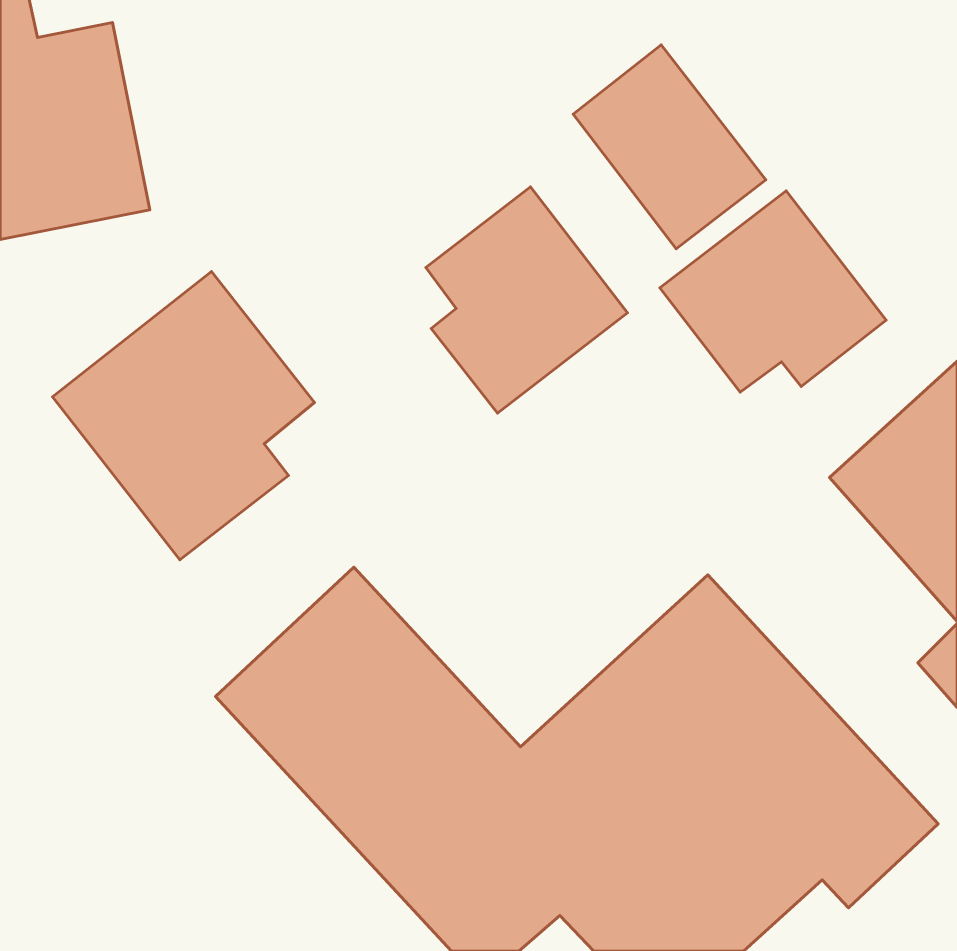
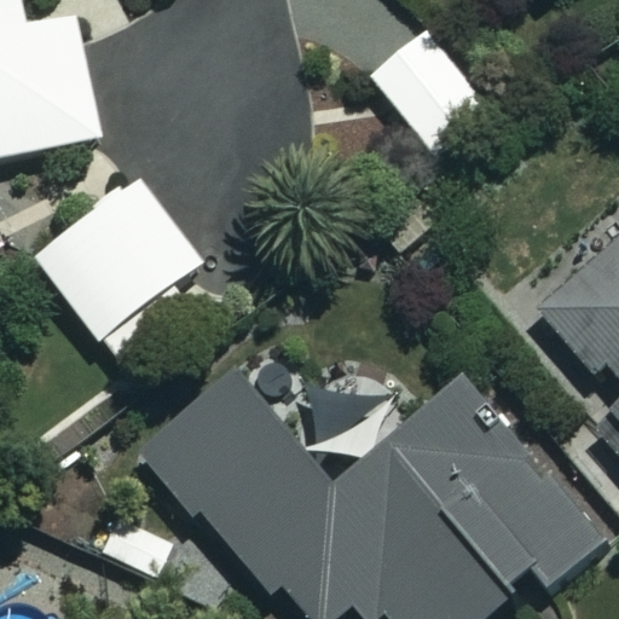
building: [426,187,627,413] -> none
building: [660,191,886,392] -> none

